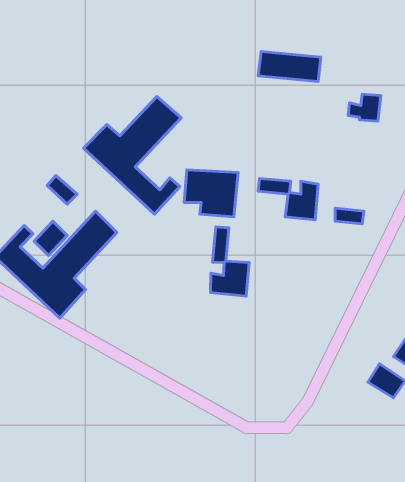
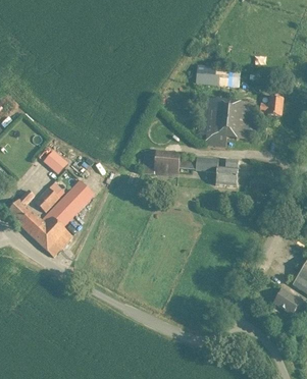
building: none -> [201,97,257,146]
building: [84,96,181,214] -> none
building: [210,227,249,296] -> none

